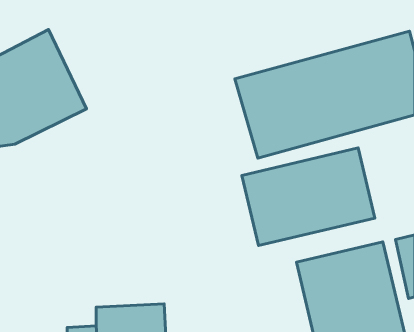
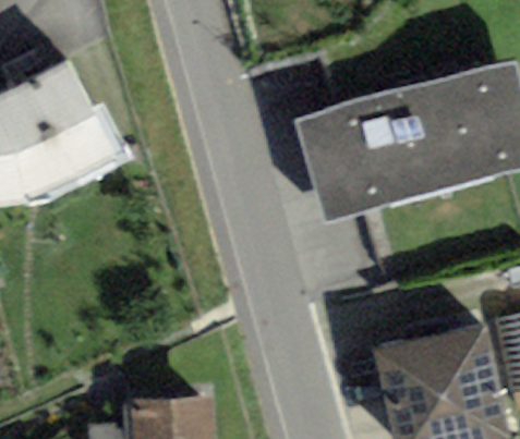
building: [242,148,375,246] -> none

